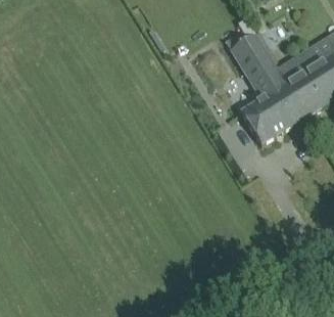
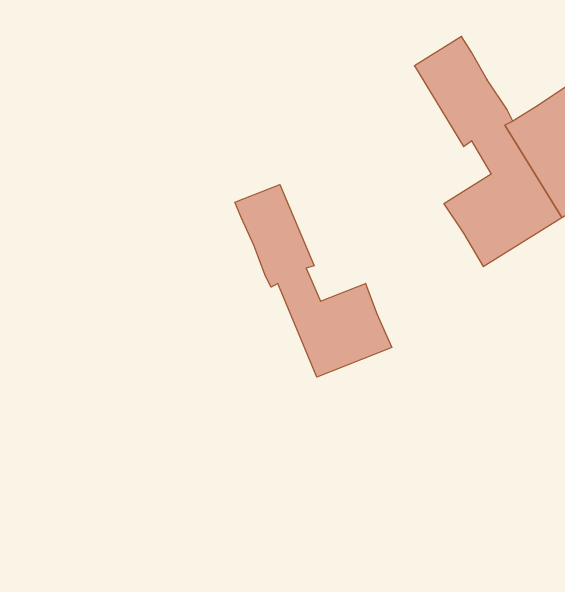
building: none -> [235,185,392,377]

